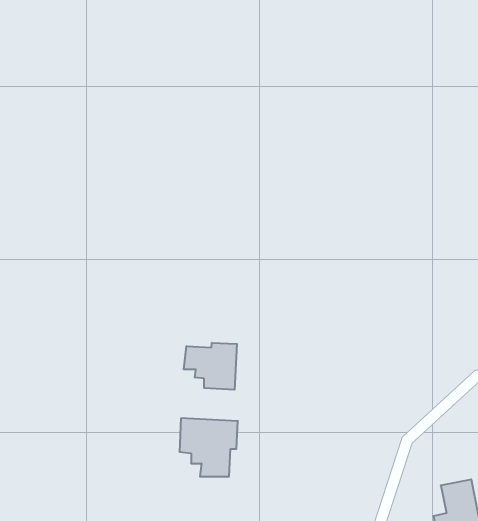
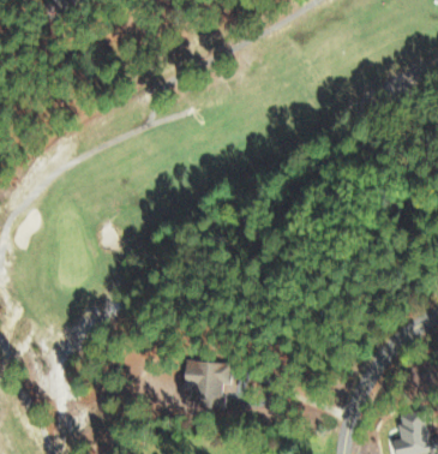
building: [184,343,237,390] -> none

